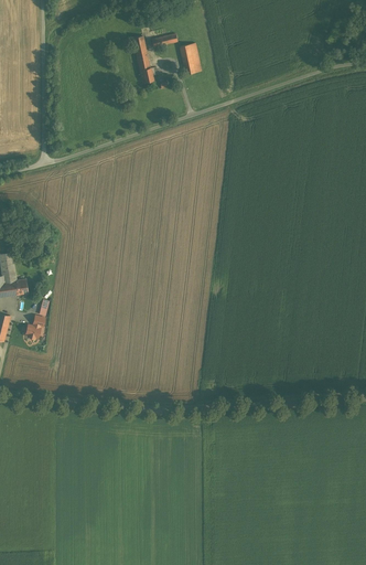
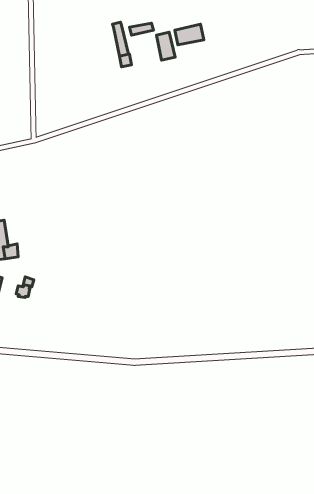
building: none -> [175,24,204,45]

